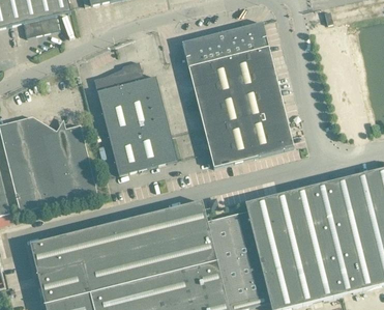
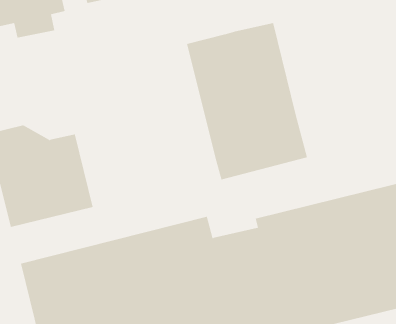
building: [94,61,177,174] -> none

